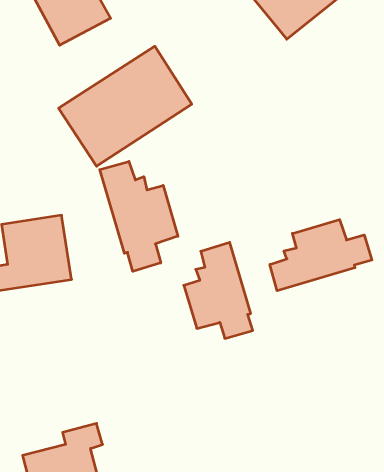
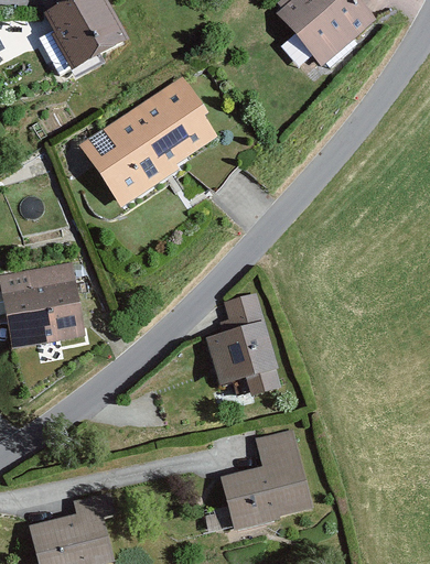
building: [100,161,178,271] -> none
building: [270,220,372,291] -> none
building: none -> [221,429,313,529]

